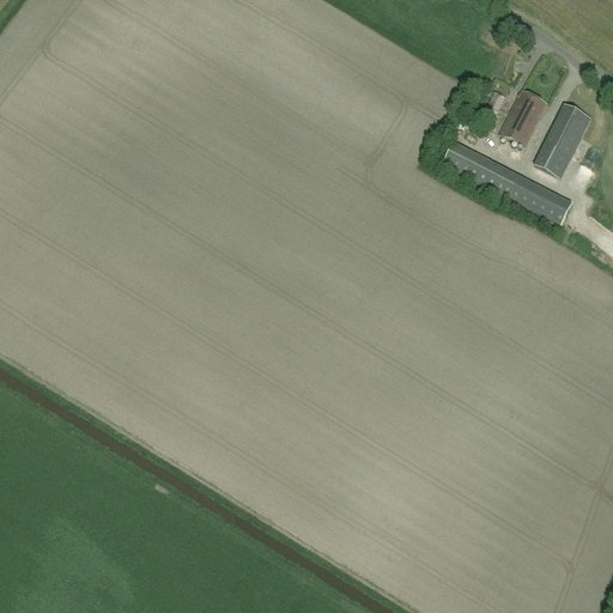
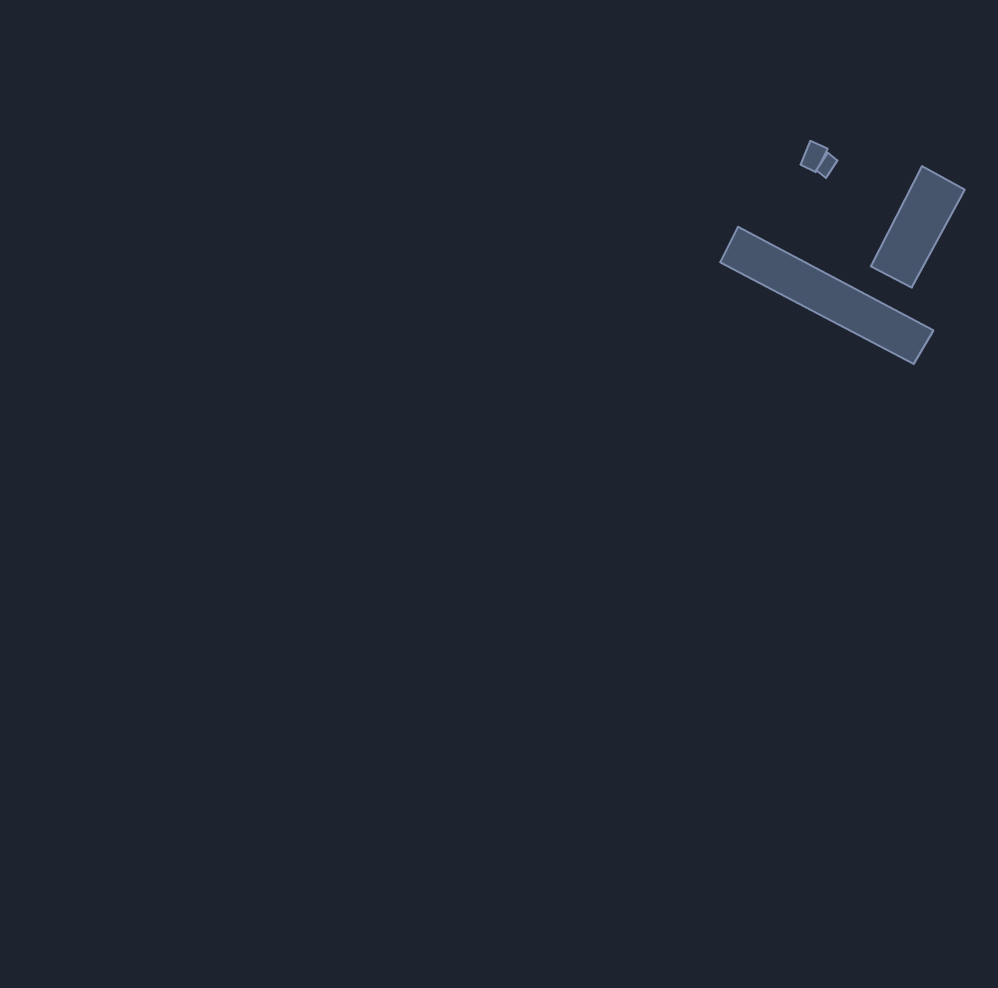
building: [499,87,547,144] -> none

